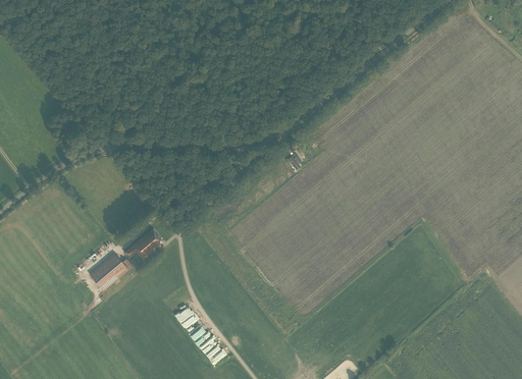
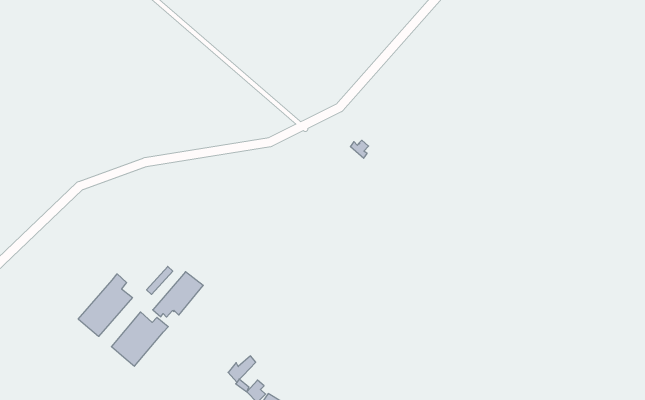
building: none -> [78,274,132,336]

